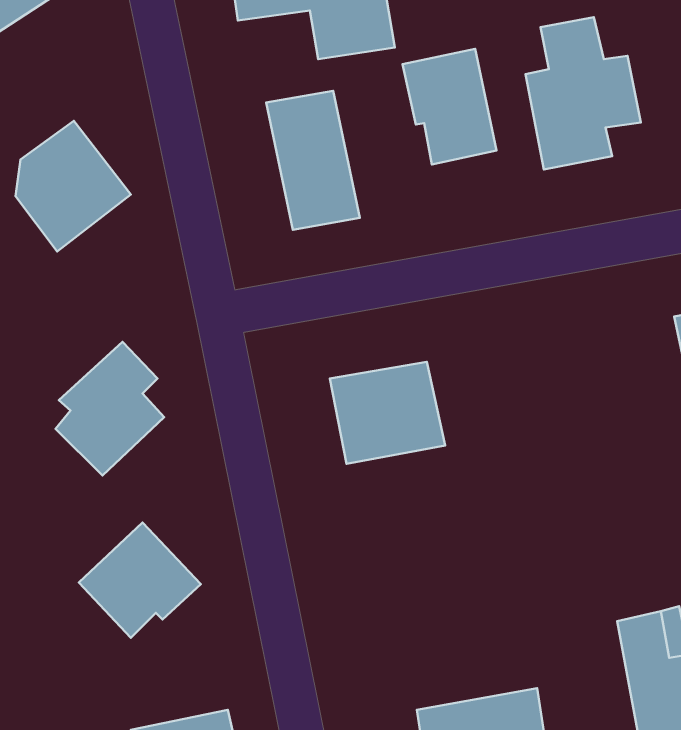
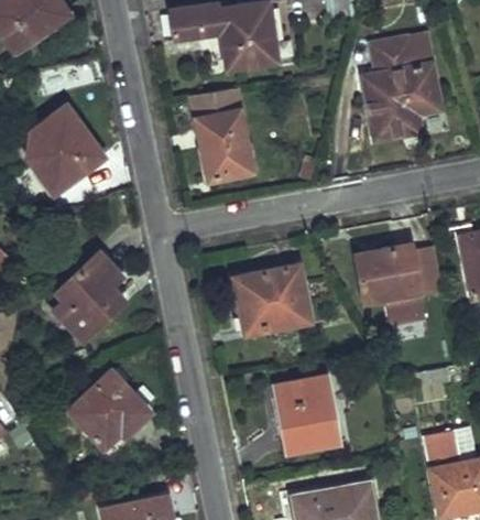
building: [402,49,496,164] -> none
building: none -> [357,243,427,327]
building: none -> [275,378,337,451]

